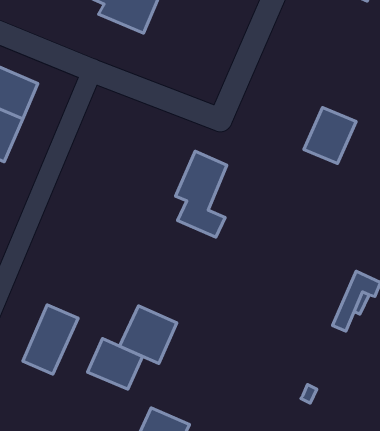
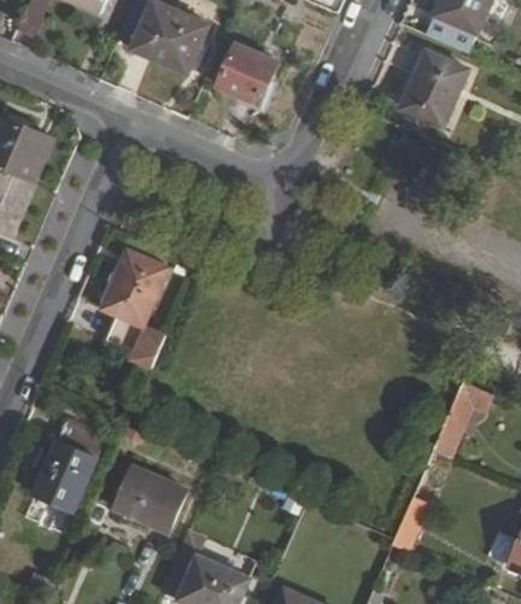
building: none -> [217,45,275,104]
building: [304,108,356,164] -> [399,53,467,125]
building: [175,151,227,237] -> [101,250,168,360]
building: [120,306,177,364] -> none

